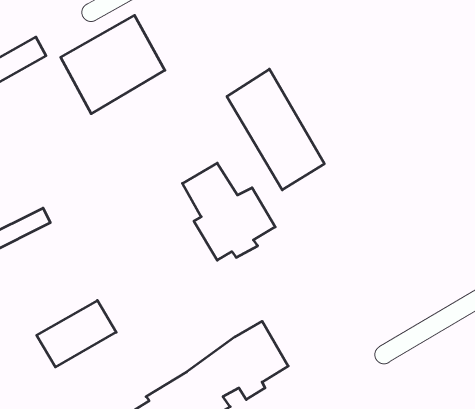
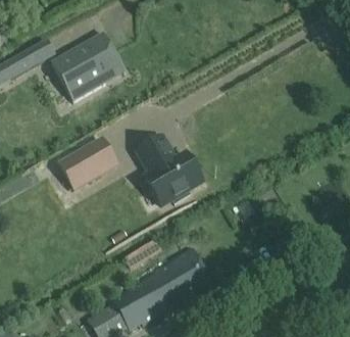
building: [227,69,324,190] -> none
building: [37,300,116,367] -> [59,137,115,184]

